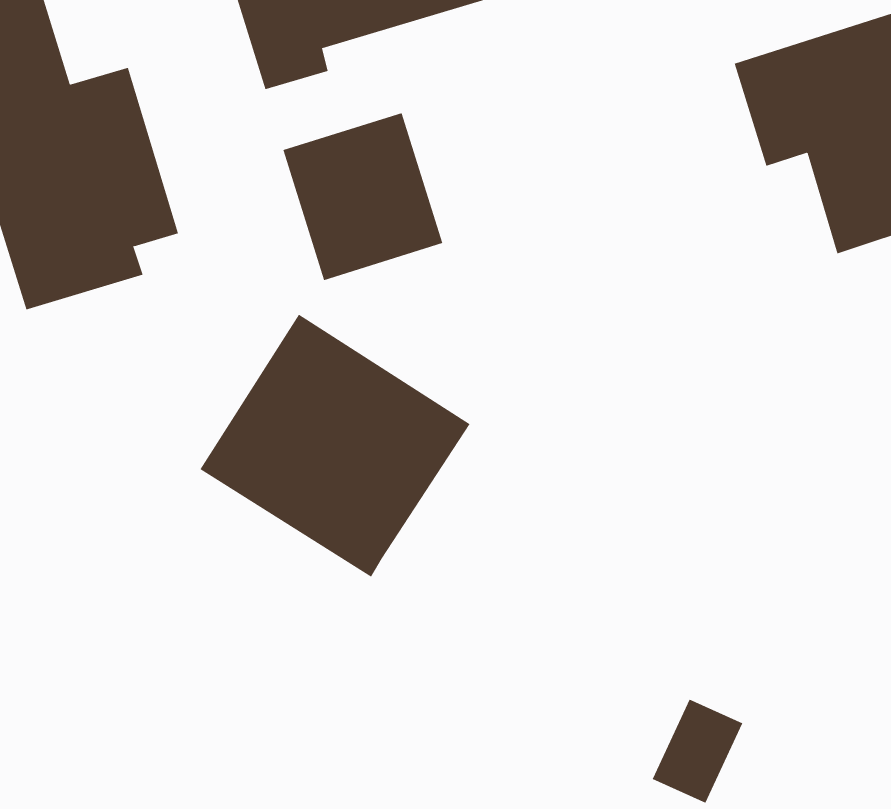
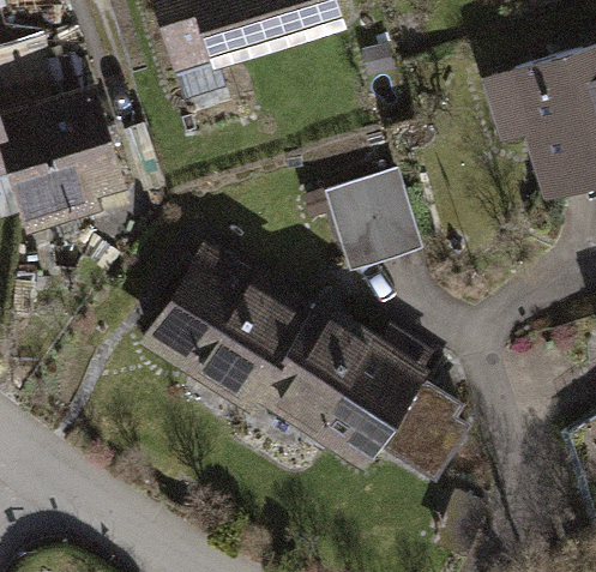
building: [283,113,443,281] -> [324,164,427,272]
building: none -> [255,299,470,484]

